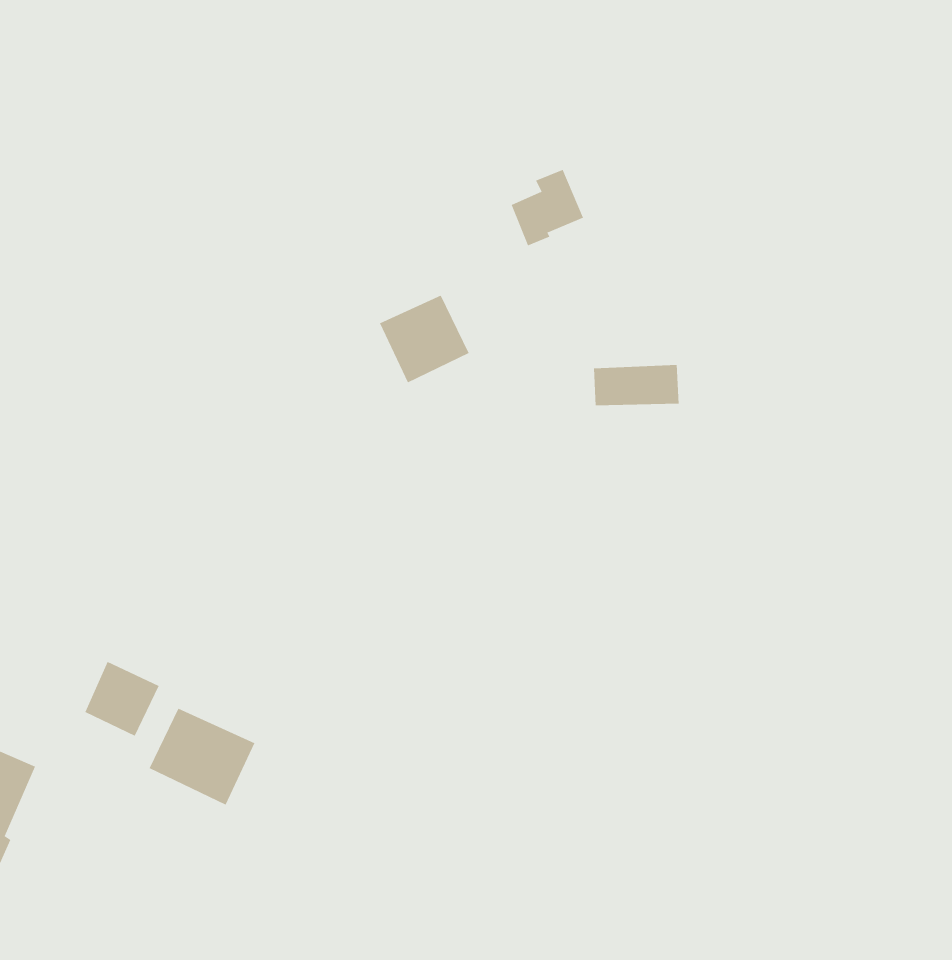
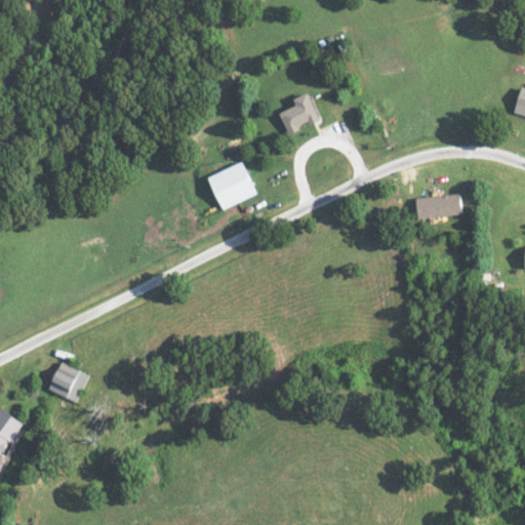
building: [593,365,679,406] -> [414,195,461,217]
building: [149,708,255,806] -> none

